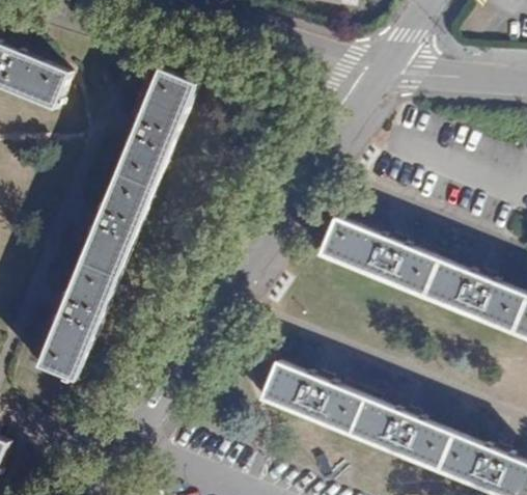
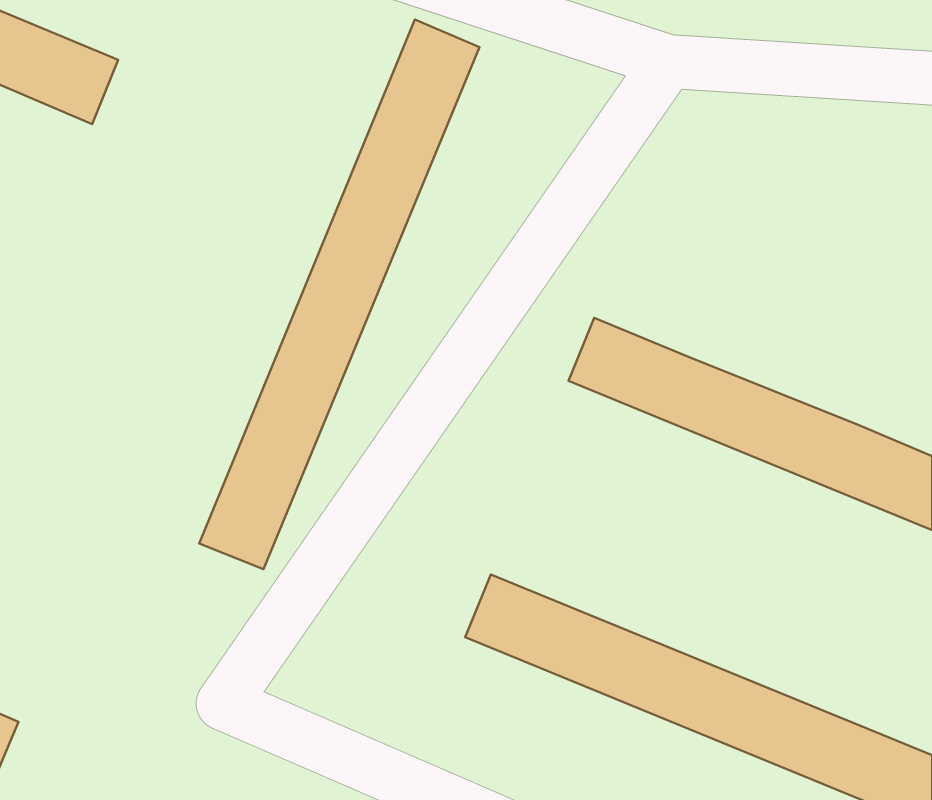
building: [36,68,194,378] -> [199,20,480,569]

